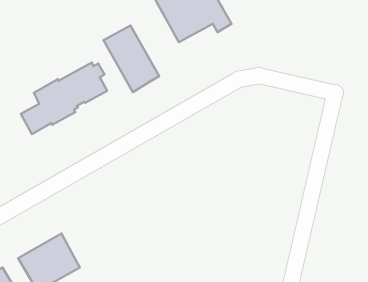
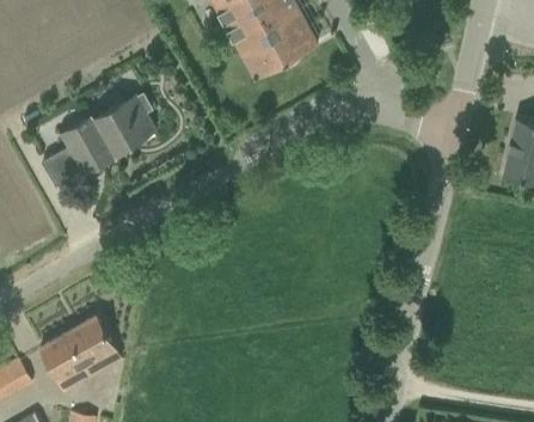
building: [104,26,159,92] -> none

